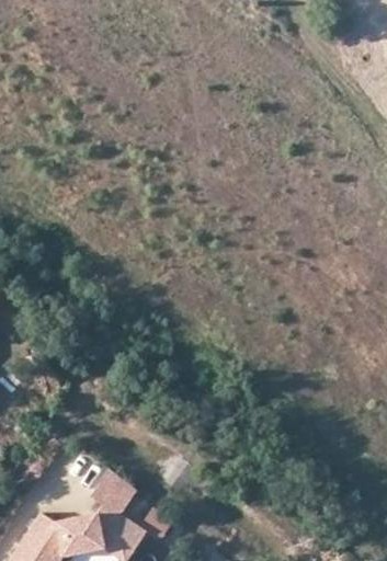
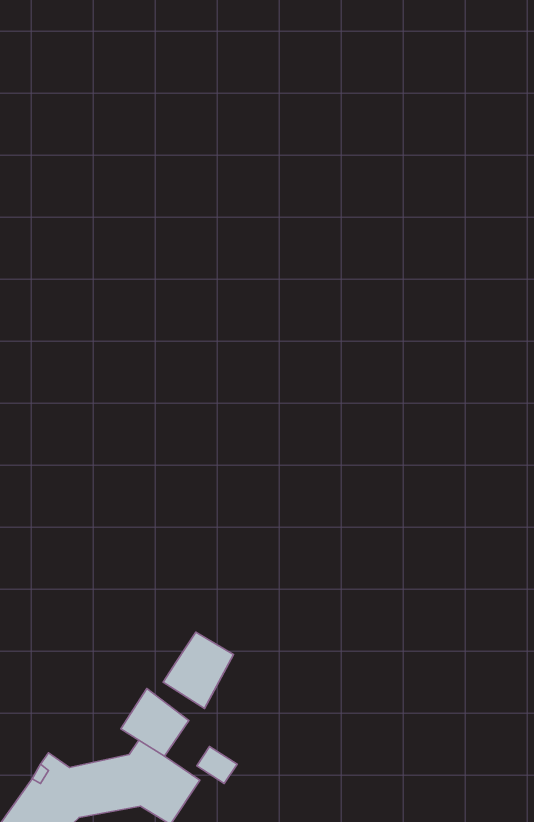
building: none -> [163,632,234,709]

